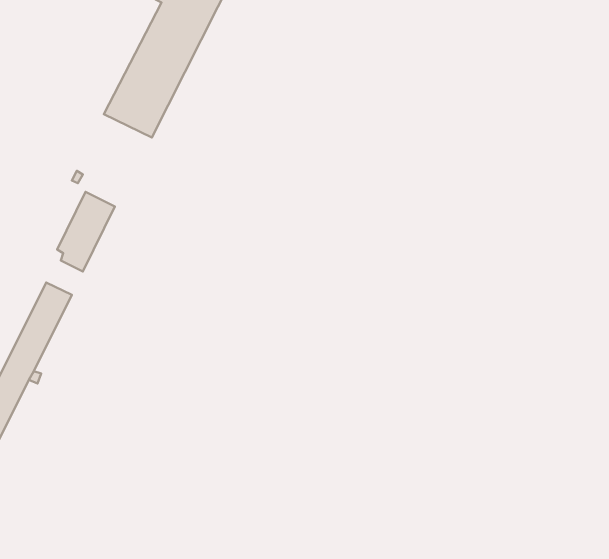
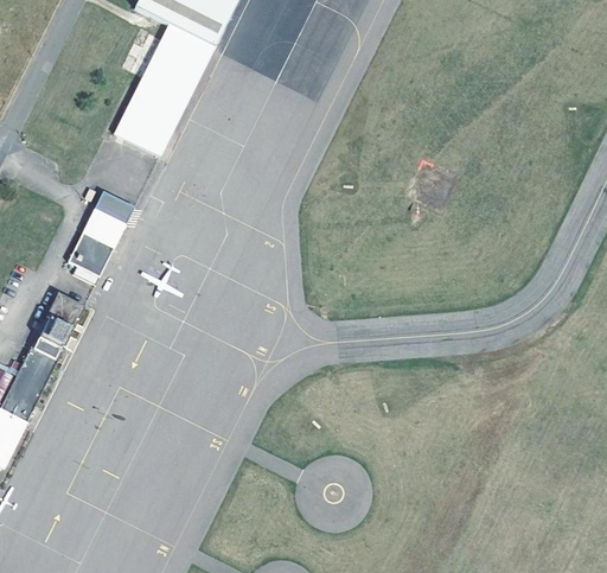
building: none -> [96,190,133,221]

